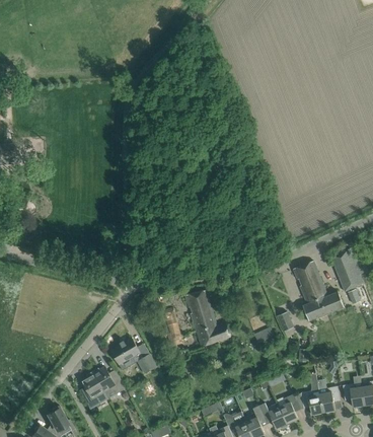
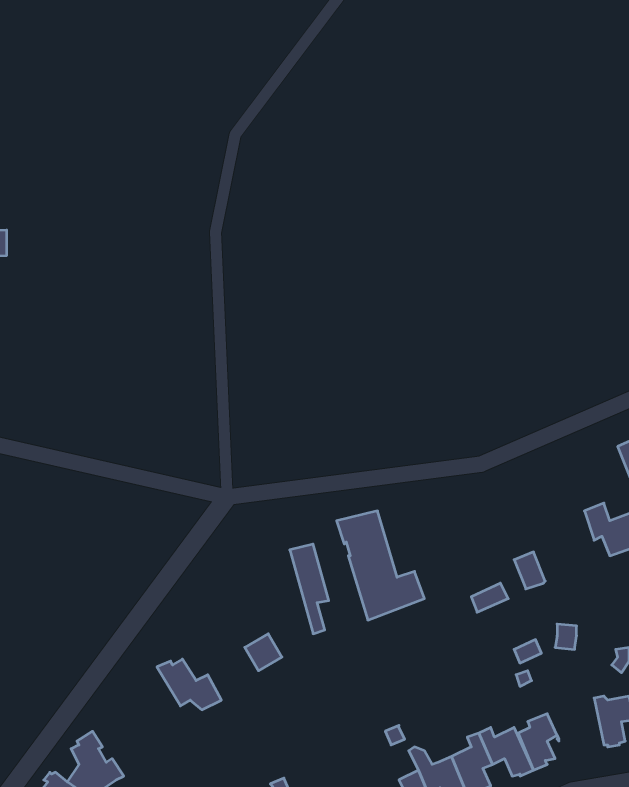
building: [294,261,327,320] -> none
building: [111,337,141,365] -> none
building: [82,371,104,409] -> none
building: [301,385,324,415] -> none

